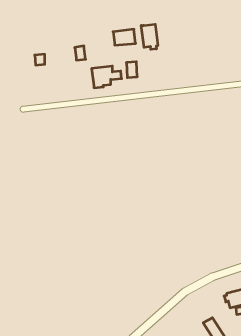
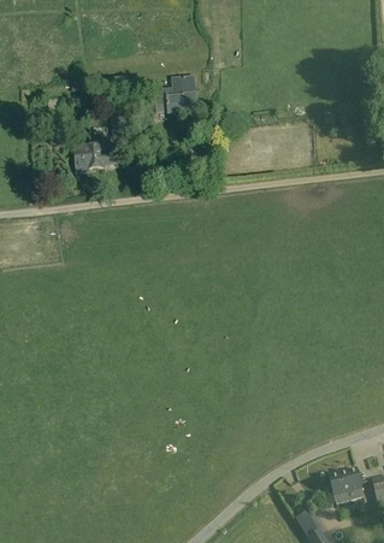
building: [141,24,158,49] -> none
building: [92,66,122,88] -> [73,141,117,172]

